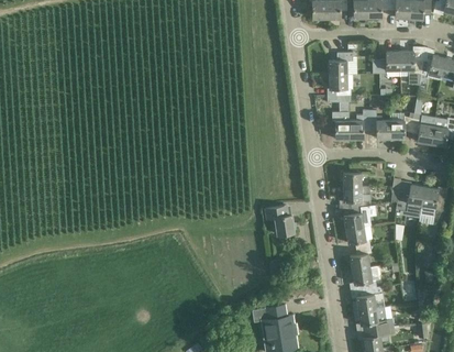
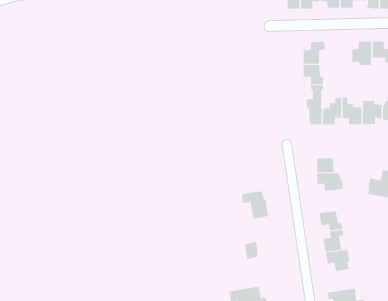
building: [342,206,369,230] -> none
building: [352,287,383,312] -> none

